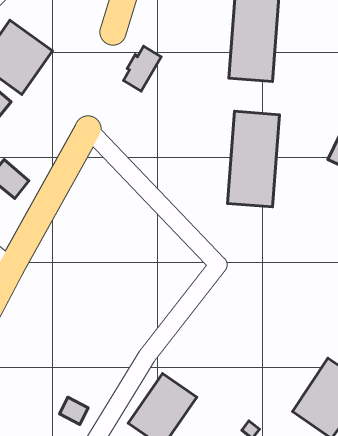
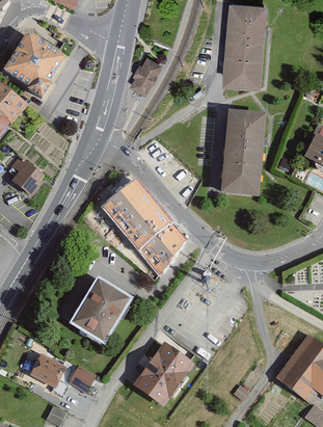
building: none -> [99,187,184,276]
building: none -> [70,282,128,344]
building: none -> [32,353,71,386]

